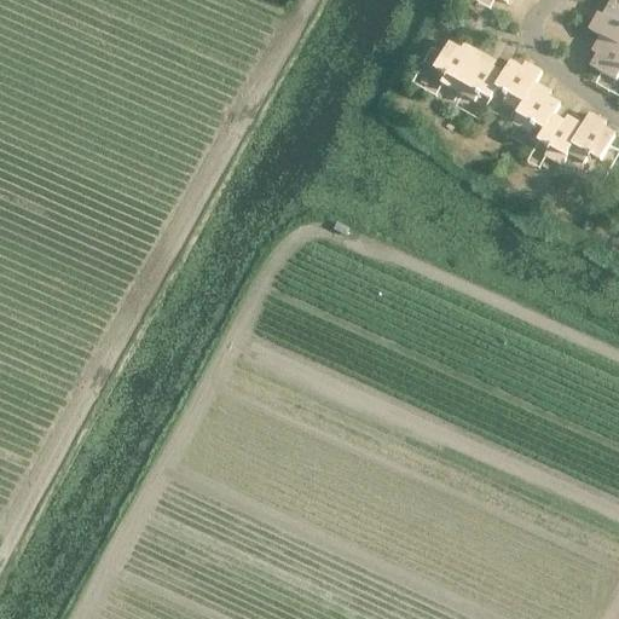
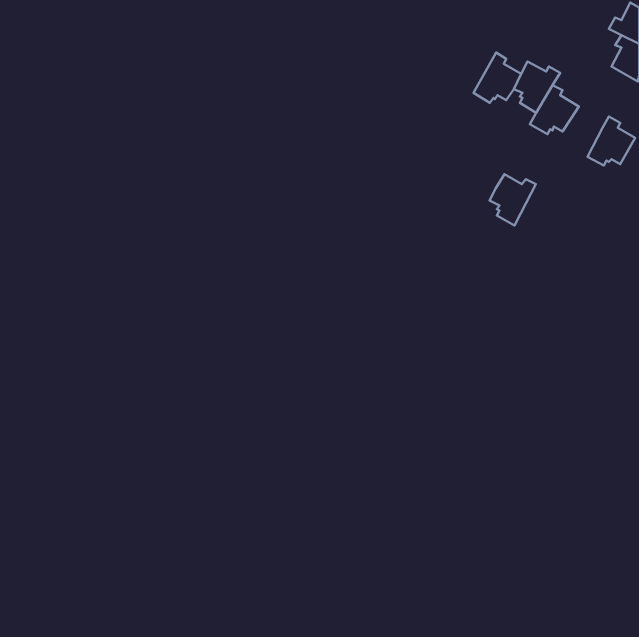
building: [433,41,479,89] -> none
building: [537,114,582,163] -> [489,174,536,226]

